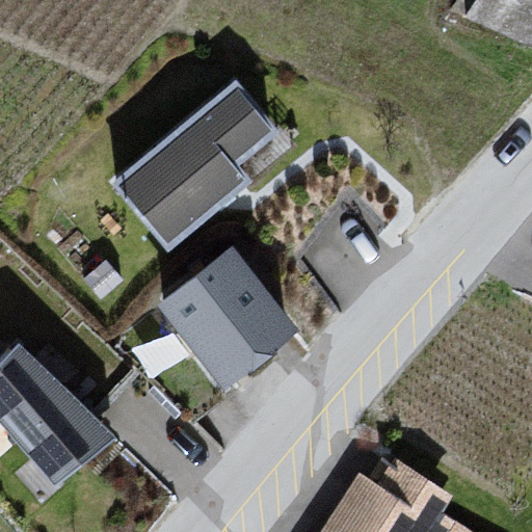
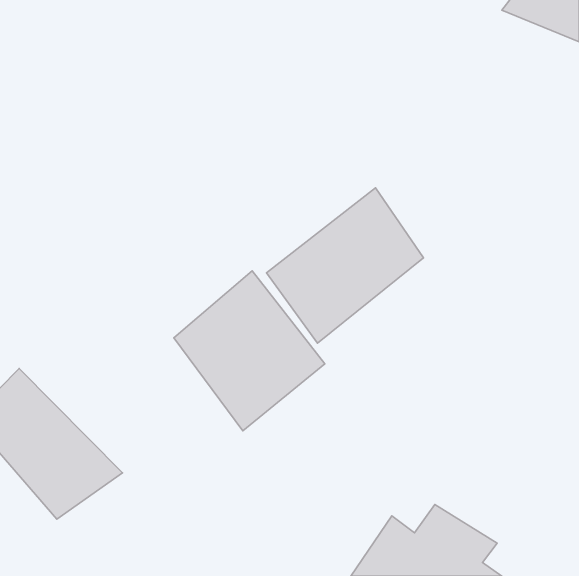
building: [112,87,276,251] -> none
building: none -> [266,188,423,343]

